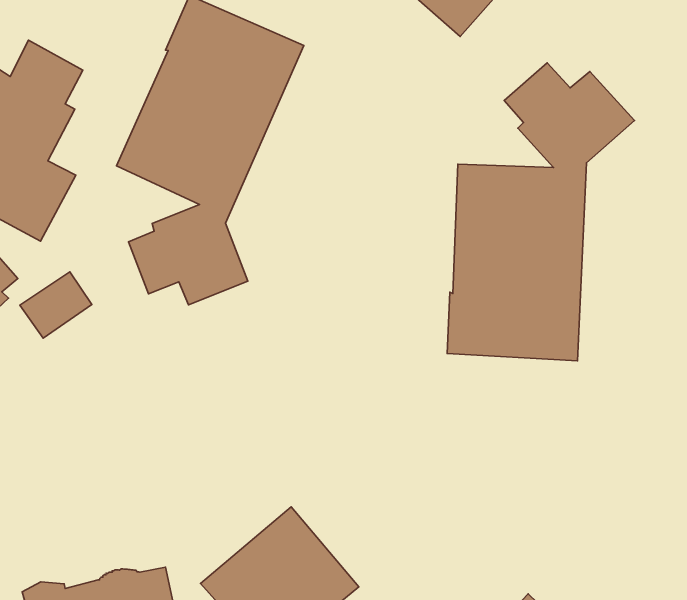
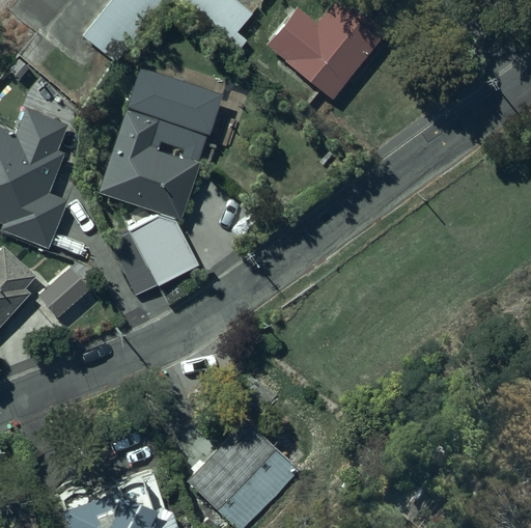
building: [447,63,634,361] -> none

